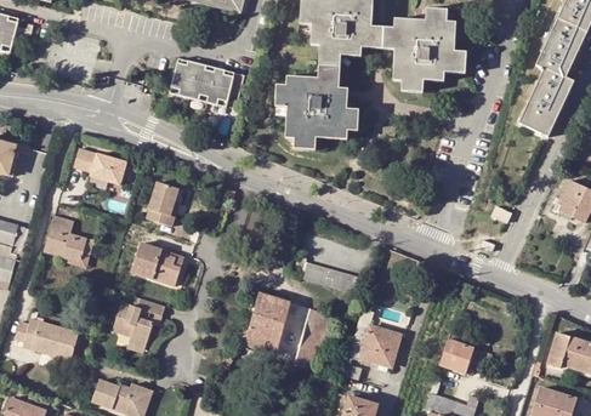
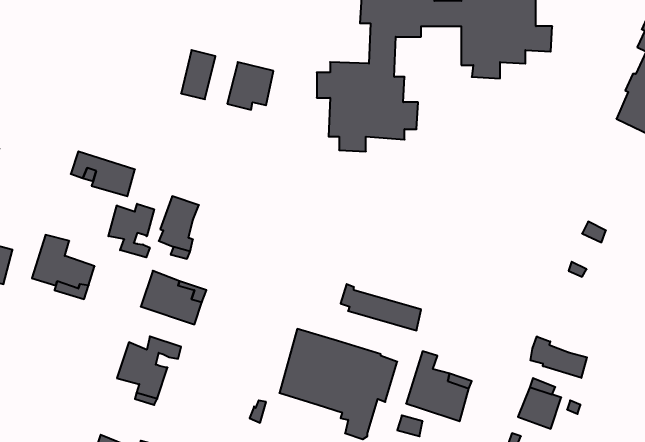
building: [184,70,211,109] -> none
building: none -> [108,204,154,257]
building: none -> [530,336,587,378]
building: [23,319,79,360] -> none

